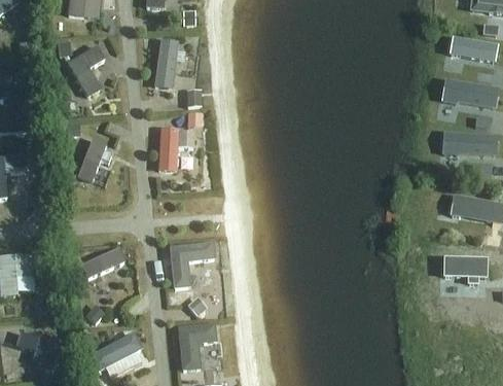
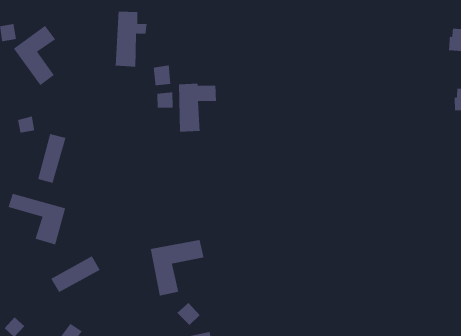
building: [157,128,193,171] -> [178,83,217,132]
building: none -> [7,193,66,245]

